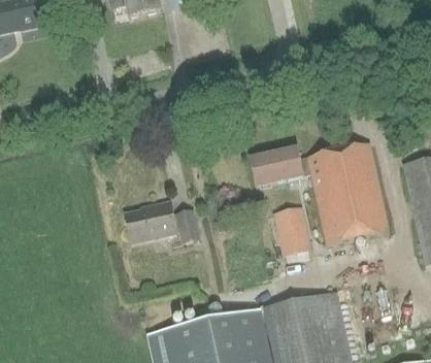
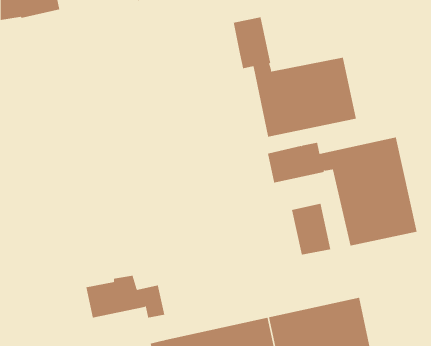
building: none -> [233,16,356,138]
building: [126,200,200,240] -> [86,275,165,318]

